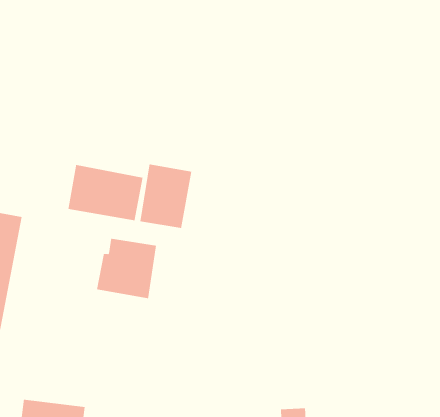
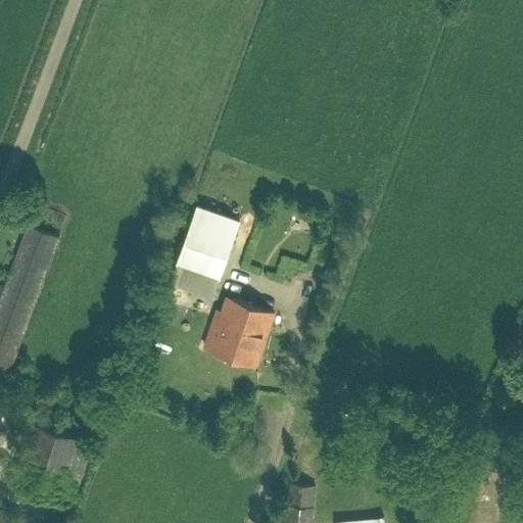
building: [68,164,143,221] -> none
building: [96,238,157,299] -> [202,300,272,369]

